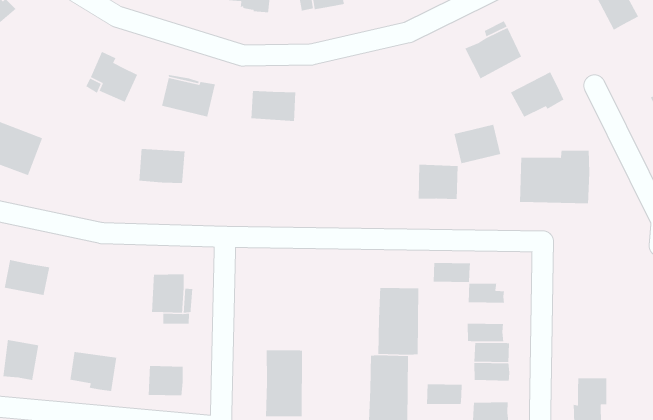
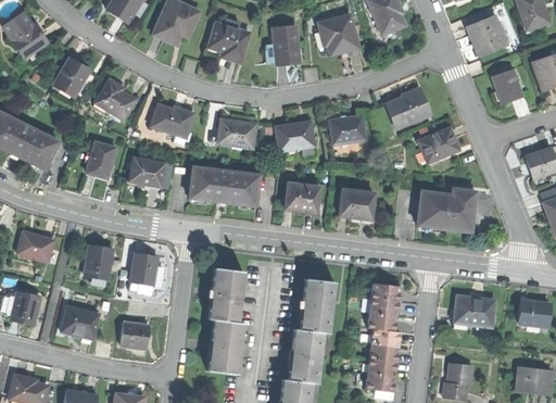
building: none -> [55,58,91,97]
building: none -> [277,122,316,151]
building: [454,124,501,164] -> [331,116,366,144]
building: none -> [88,142,117,178]
building: none -> [190,166,262,205]
building: none -> [286,184,320,213]
building: [433,262,471,283] -> [369,299,400,317]
building: none -> [85,245,113,280]
building: none -> [208,268,243,322]
building: none -> [454,295,494,327]
building: [426,384,462,405] -> [368,358,397,377]

